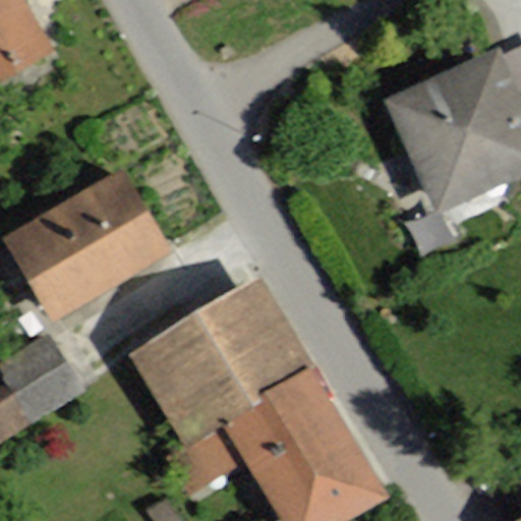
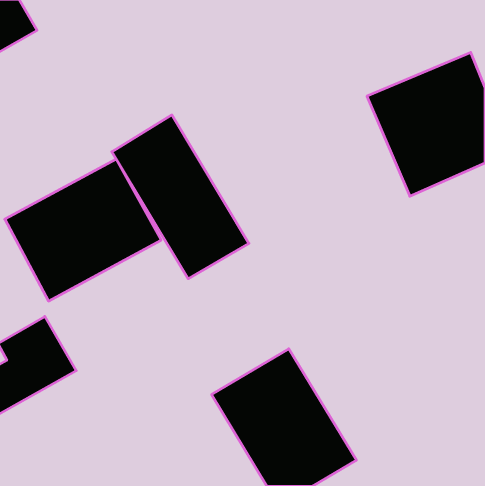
building: none -> [112,115,249,279]
building: [133,283,308,445] -> none

